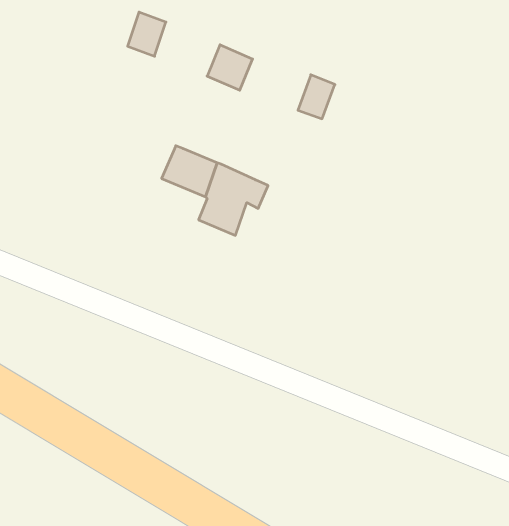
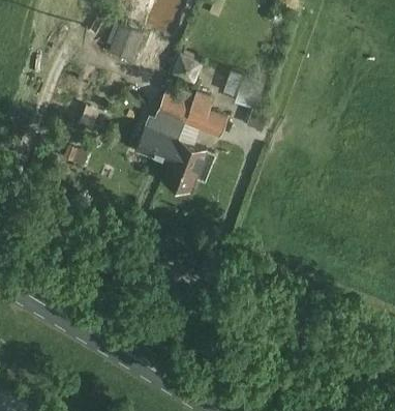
building: none -> [151,91,226,139]

